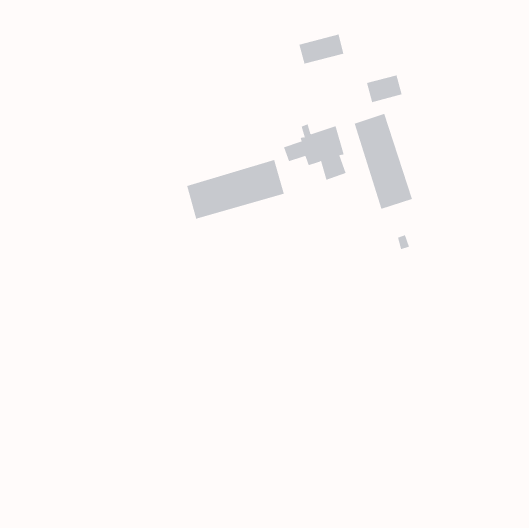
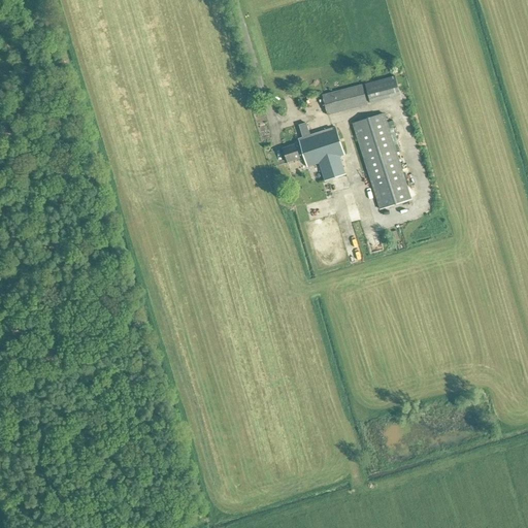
building: [299,34,344,64] -> [321,84,366,113]
building: [186,159,285,220] -> none

